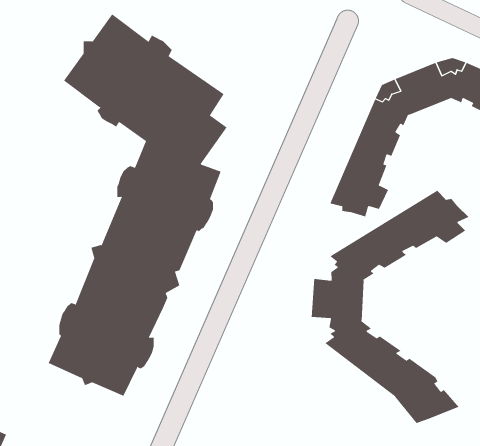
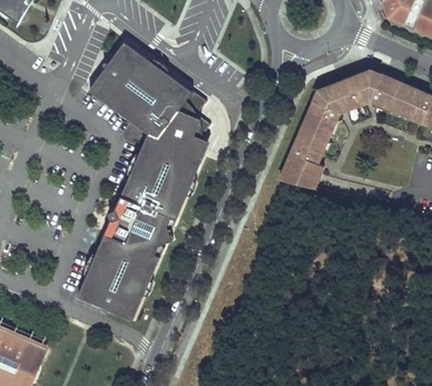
building: [311,190,470,424] -> none

